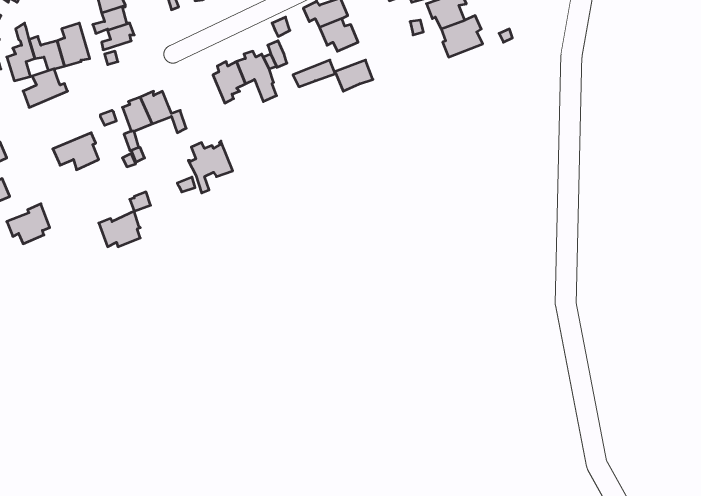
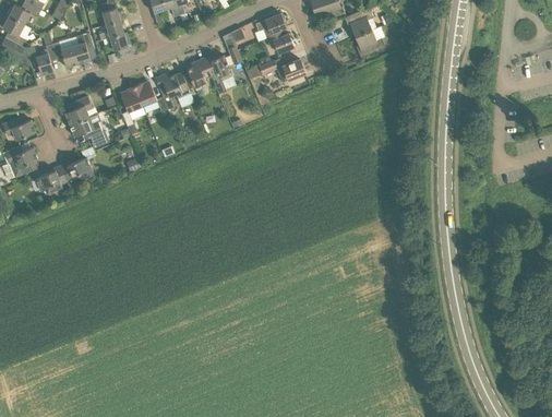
building: [23,69,68,107] -> [64,96,97,124]
building: [188,141,233,193] -> [157,71,190,109]
building: [99,211,140,247] -> [60,156,91,182]

